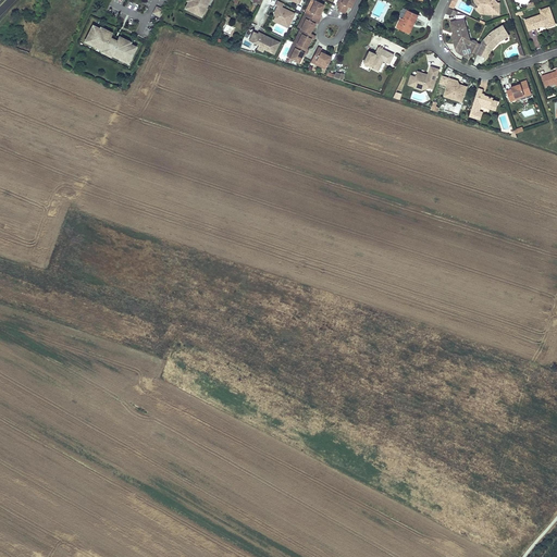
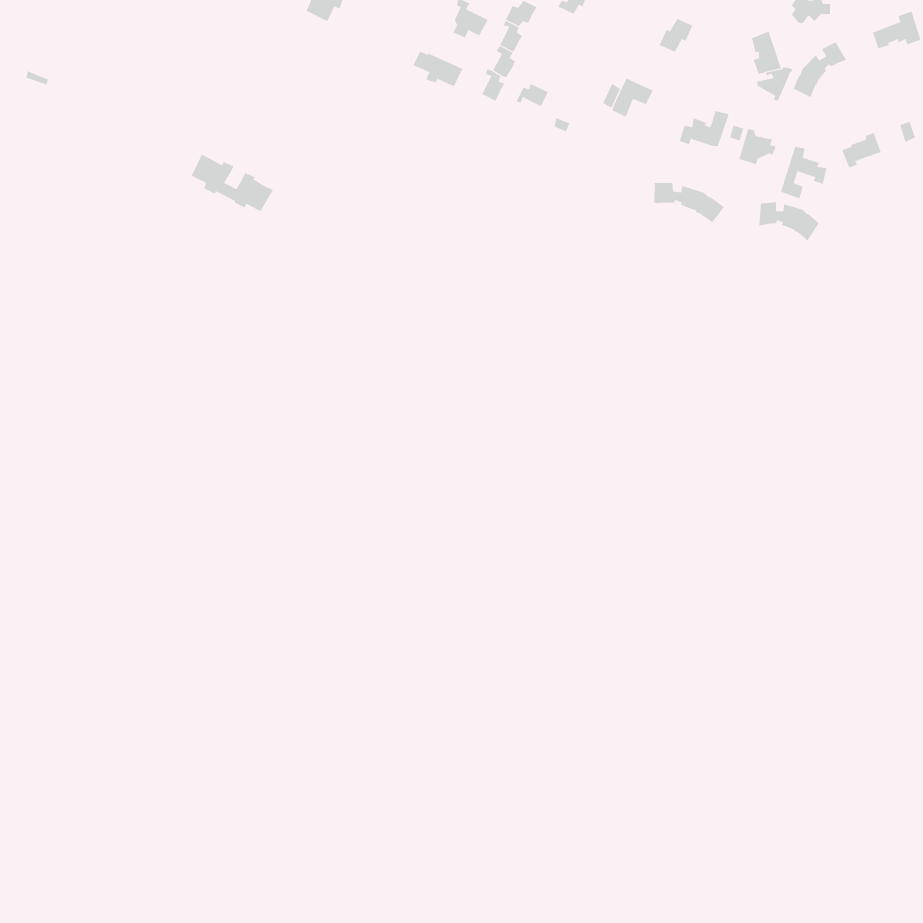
building: [85,24,135,59] -> [191,154,274,212]
building: none -> [654,182,725,223]
building: none -> [759,202,819,242]

